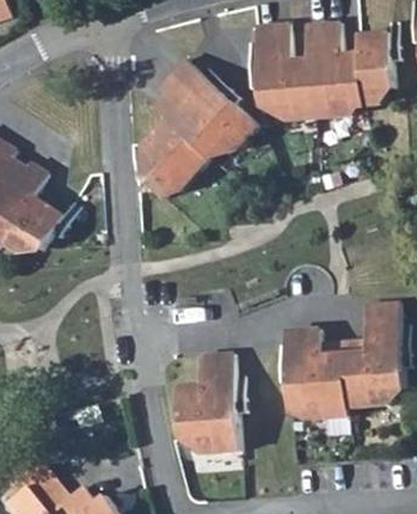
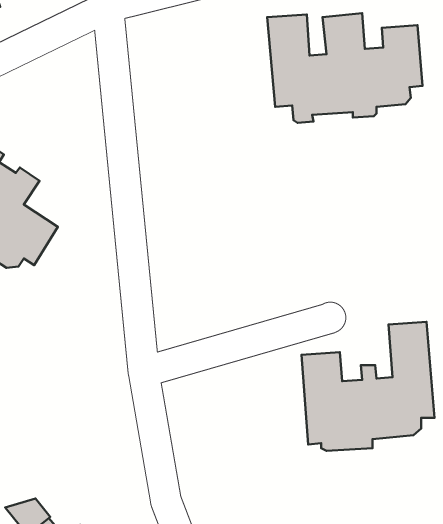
building: [140,59,257,197] -> none
building: [176,353,239,453] -> none

